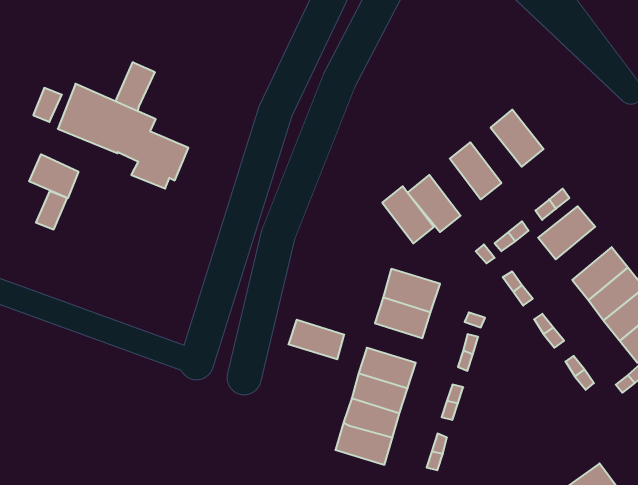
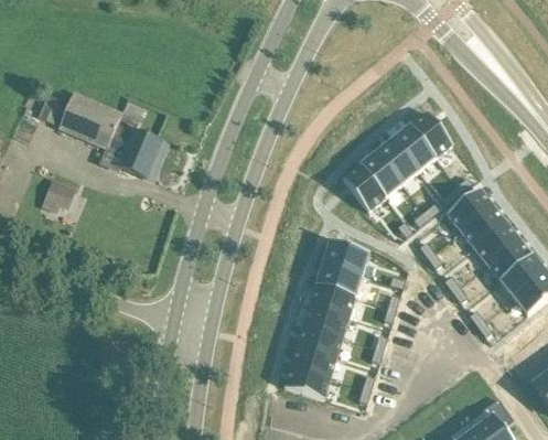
building: [116,62,155,111] -> none
building: none -> [394,126,436,171]
building: [29,154,78,198] -> none
building: [382,186,434,243] -> [361,151,402,197]
building: none -> [463,206,508,249]
building: [288,320,344,359] -> [310,285,355,316]

